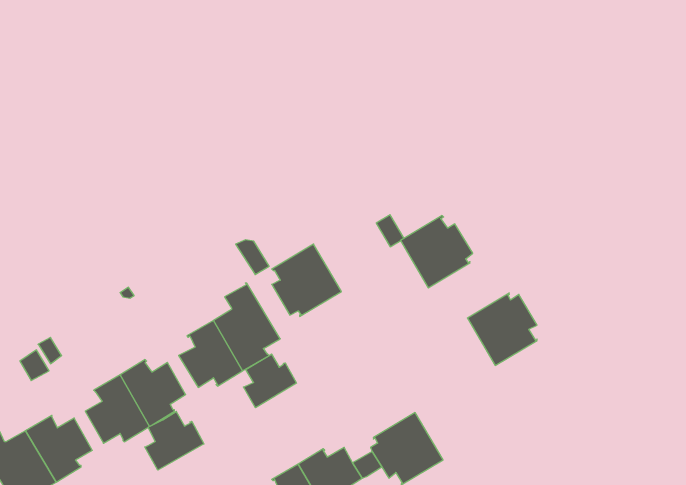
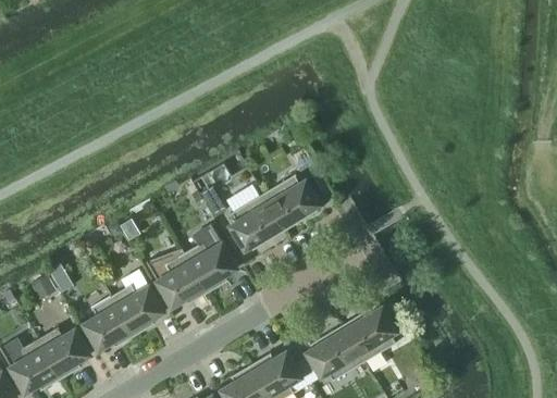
building: [400,216,473,288] -> [262,174,319,231]
building: [467,293,537,365] -> [342,306,396,362]
building: [243,354,296,408] -> none
building: [145,411,204,470] -> none

